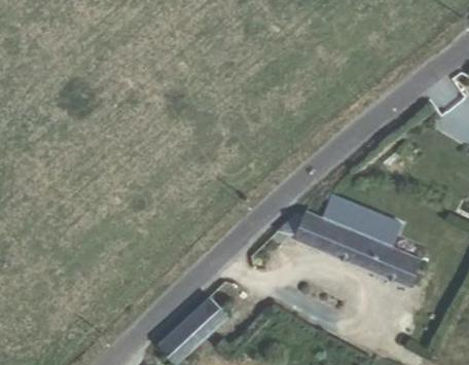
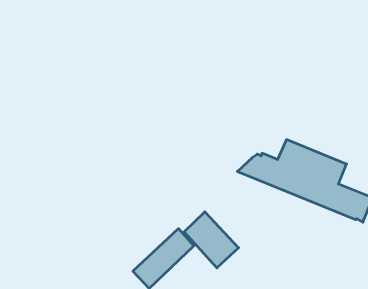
building: none -> [184,212,239,268]

